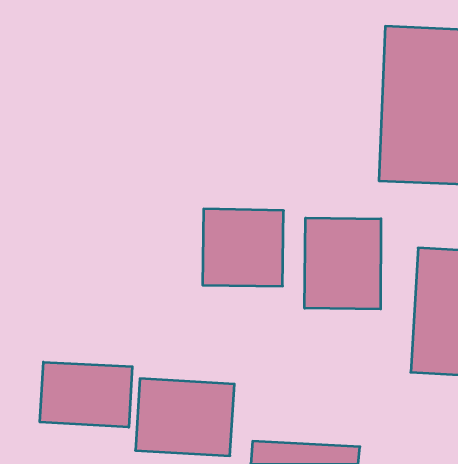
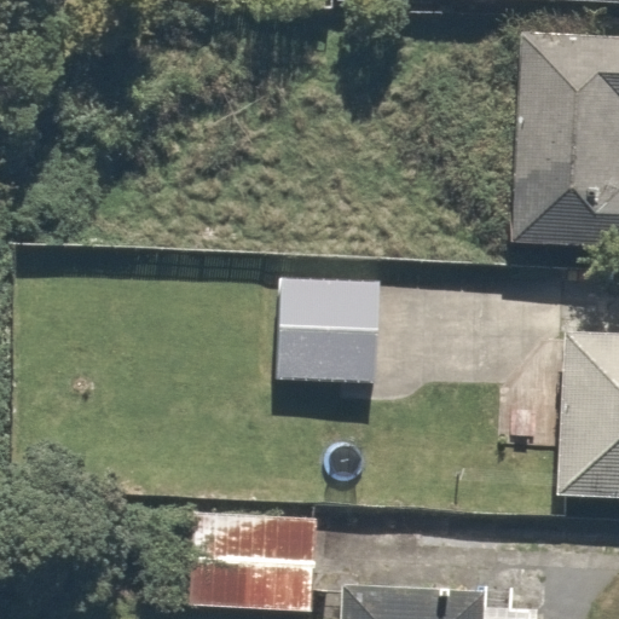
building: [305,218,381,309] -> none
building: [40,362,132,427] -> none

